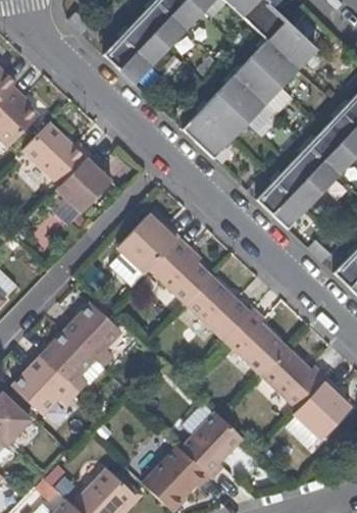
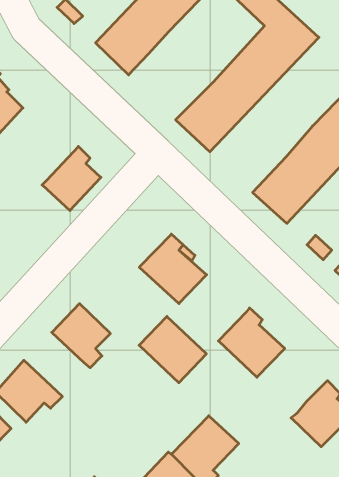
building: [21,123,90,187] -> none
building: [116,215,178,275] -> none
building: [186,276,250,340] -> [139,316,206,383]
building: [38,331,95,393] -> none
building: [260,347,327,409] -> none

